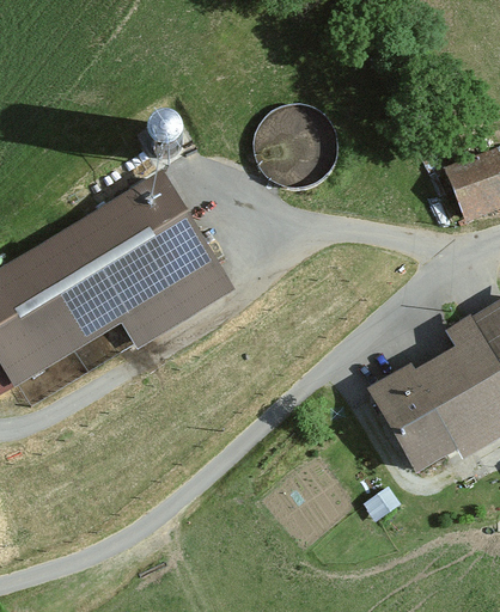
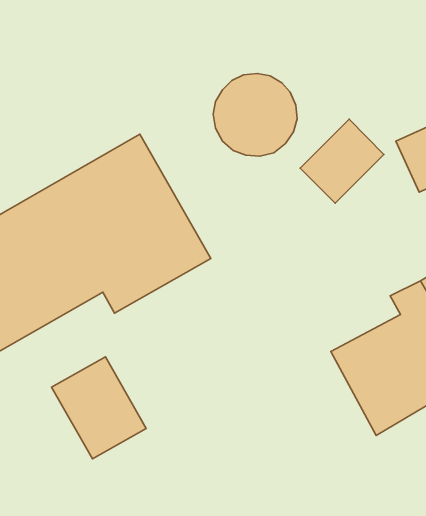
building: none -> [300,119,384,203]
building: none -> [52,357,146,459]

